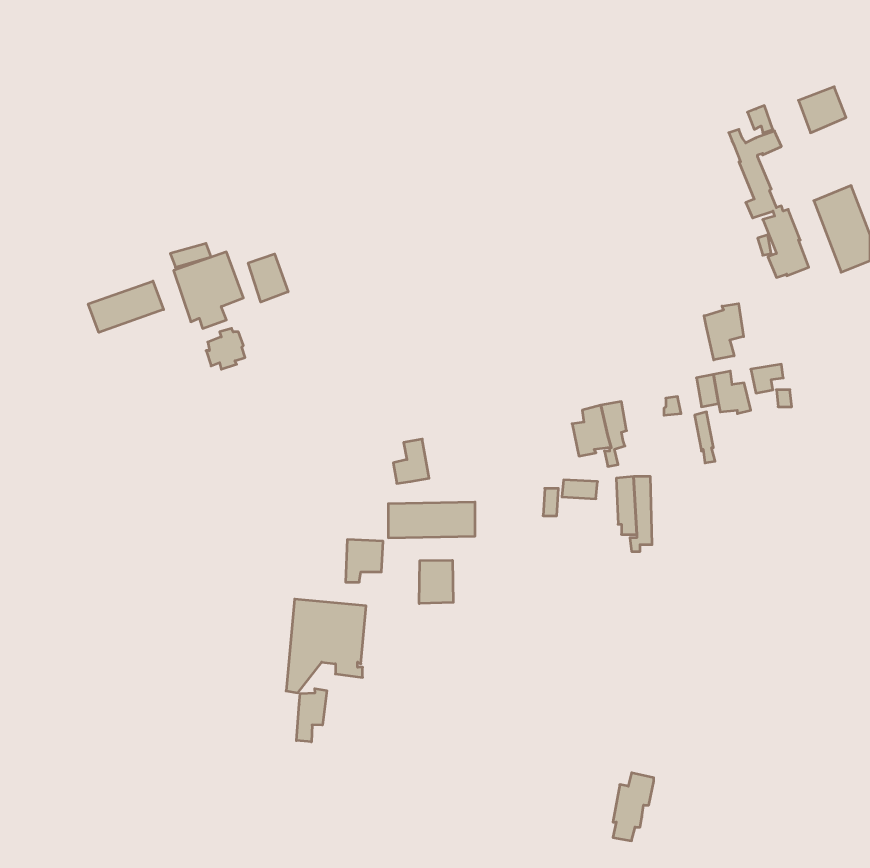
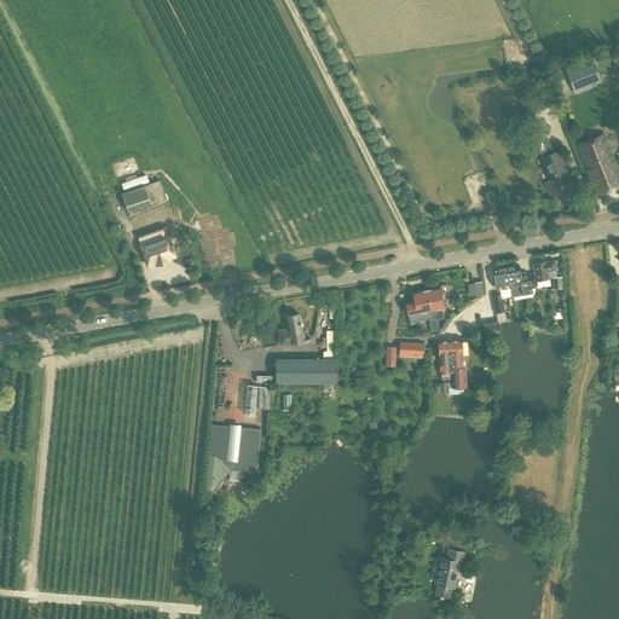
building: [248,254,288,302] -> none
building: [88,281,164,332] -> none
building: [704,304,744,360] -> none
building: [419,560,453,604] -> none
building: [296,689,327,742] -> none

